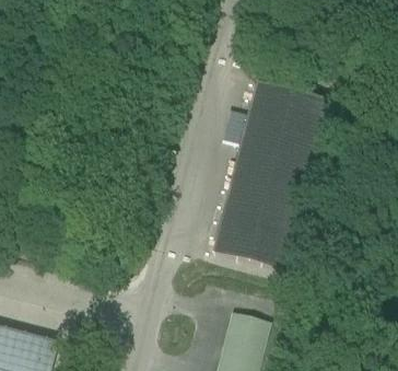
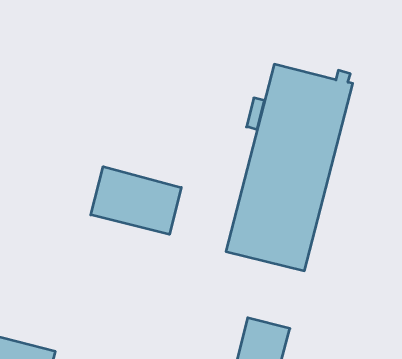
building: none -> [91,167,181,234]

